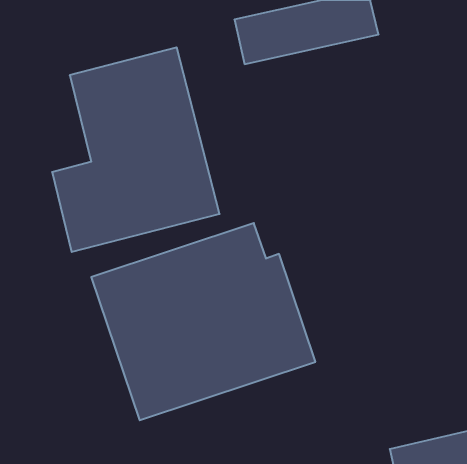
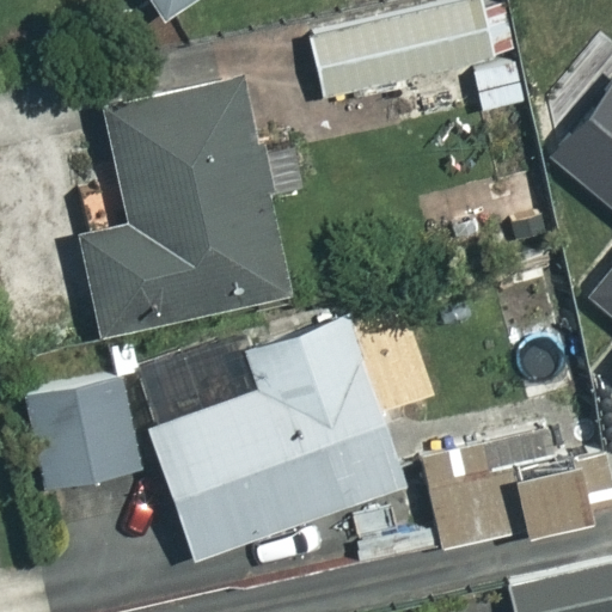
building: none -> [37,382,141,486]
building: none -> [428,454,583,549]

